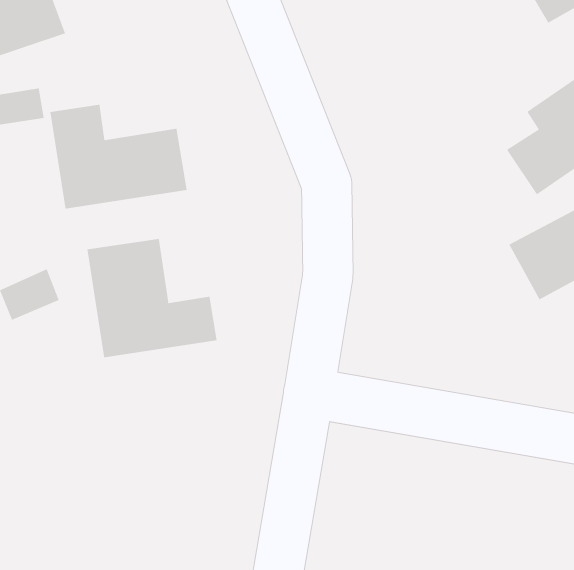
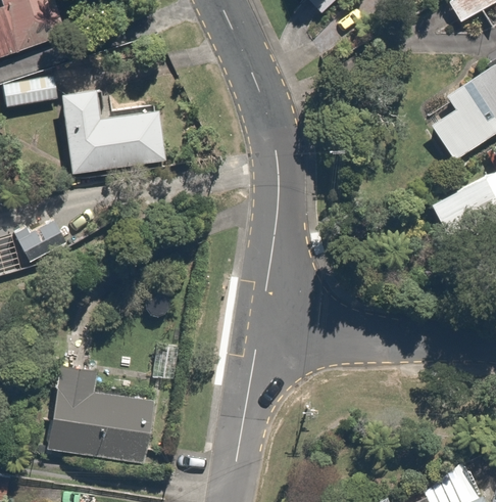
building: [87,238,217,358] -> none
building: none -> [48,359,152,461]

